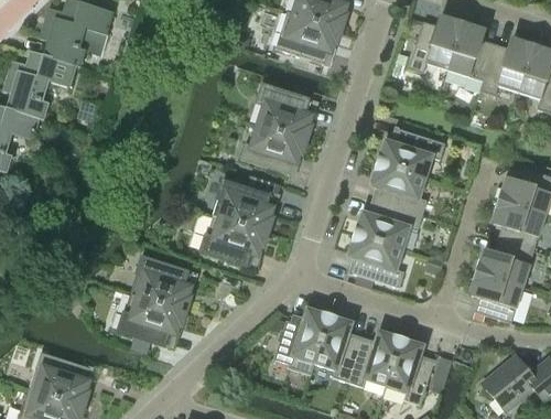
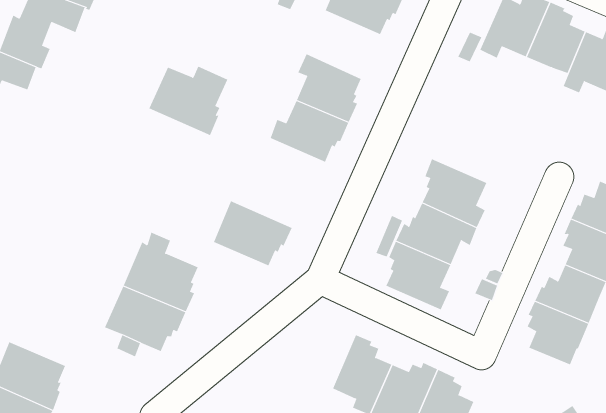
building: [377,128,444,178] -> none
building: [213,174,277,232] -> [149,66,228,136]
building: [274,310,328,375] -> none

